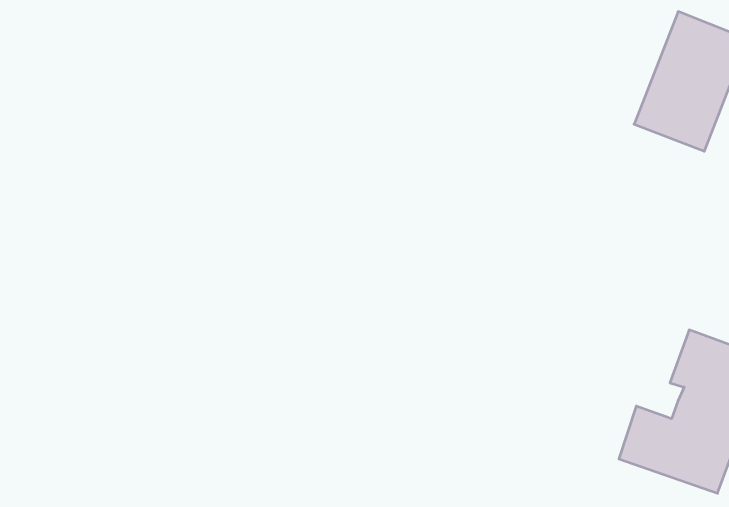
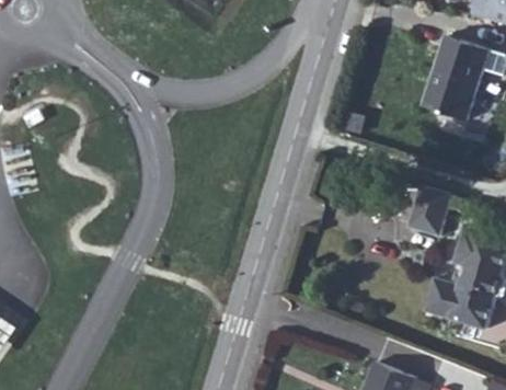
building: none -> [407,185,450,237]

